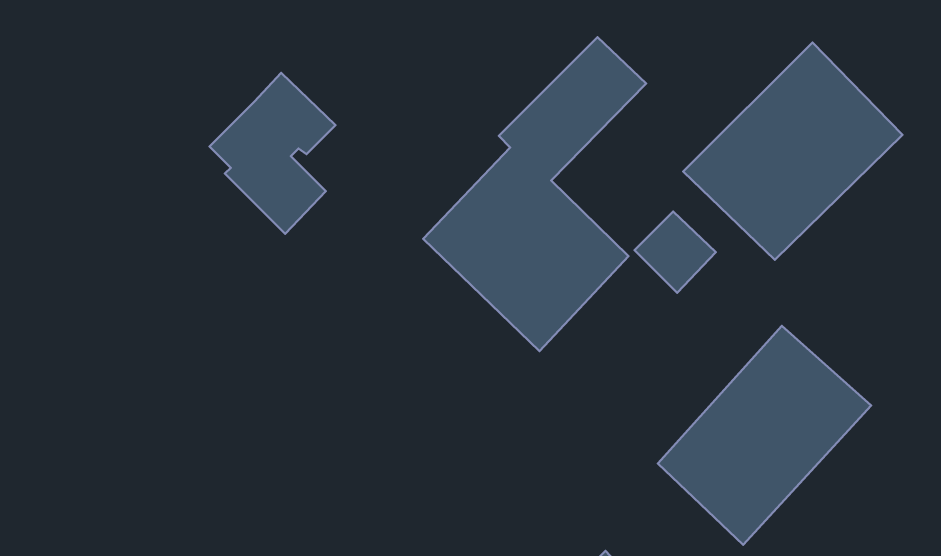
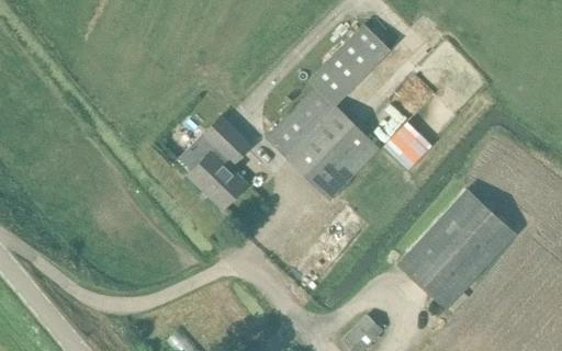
building: [683,42,902,260] -> none
building: [209,73,335,234] -> [180,116,251,207]

